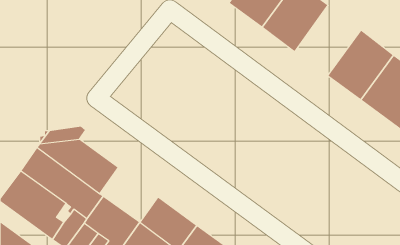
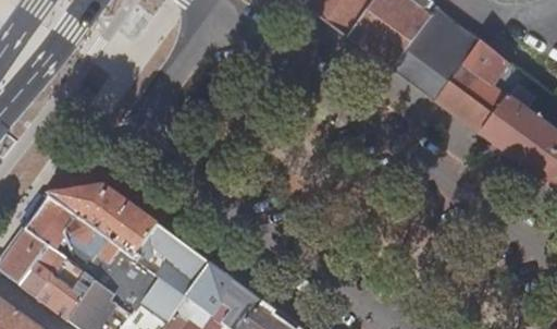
building: none -> [394,8,482,101]
building: none -> [134,224,211,297]

